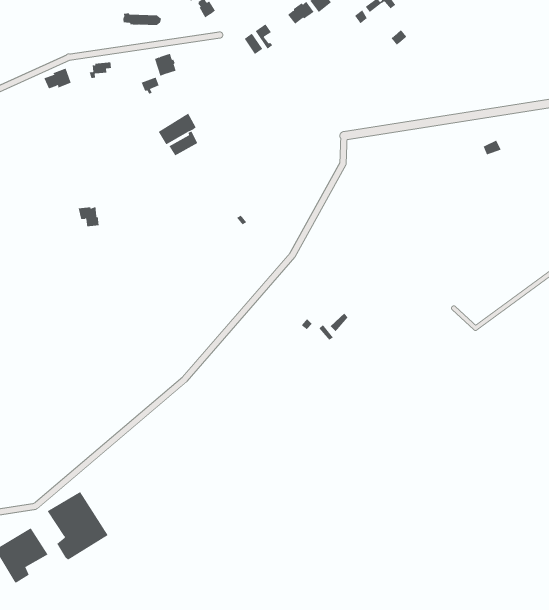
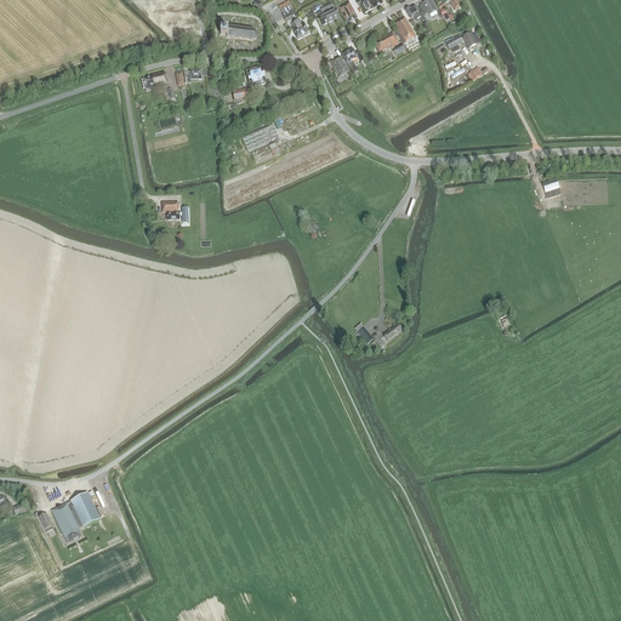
building: [47,491,108,560] -> none

